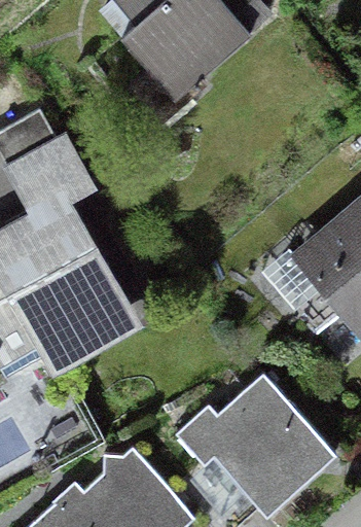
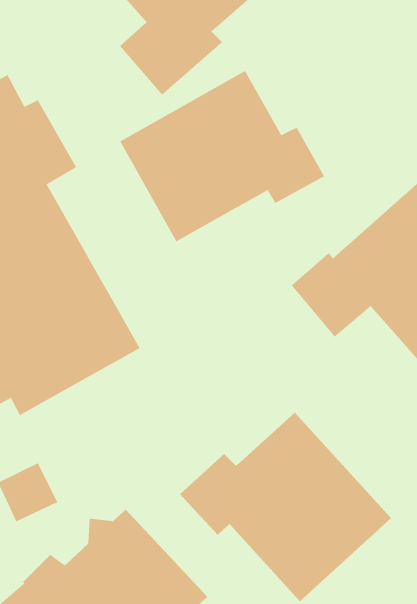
building: none -> [119,70,325,242]

